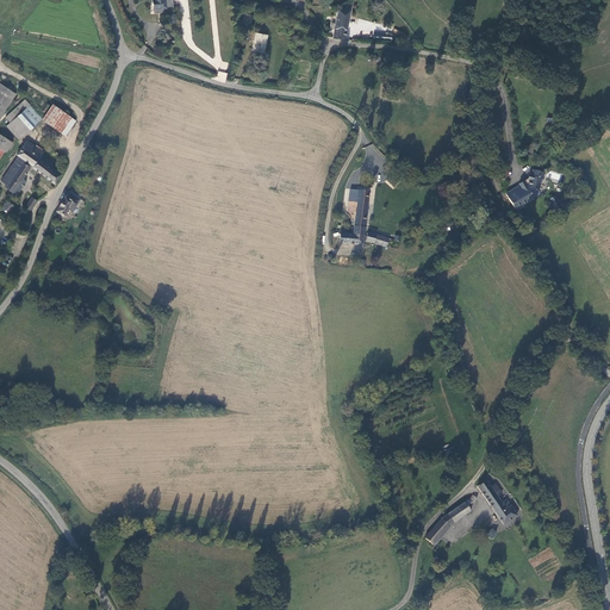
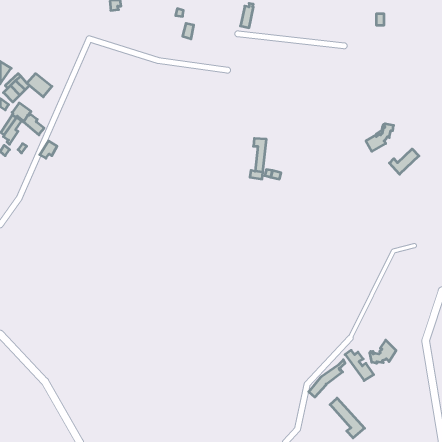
building: none -> [389,149,419,174]
building: none -> [370,340,396,363]
building: none -> [330,398,365,438]

